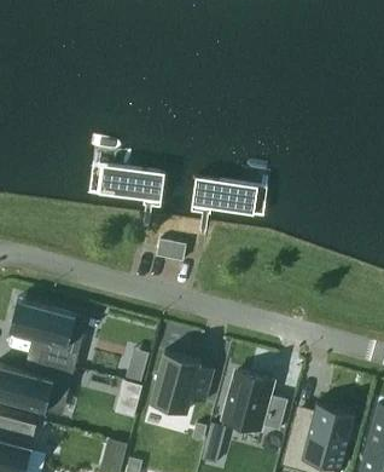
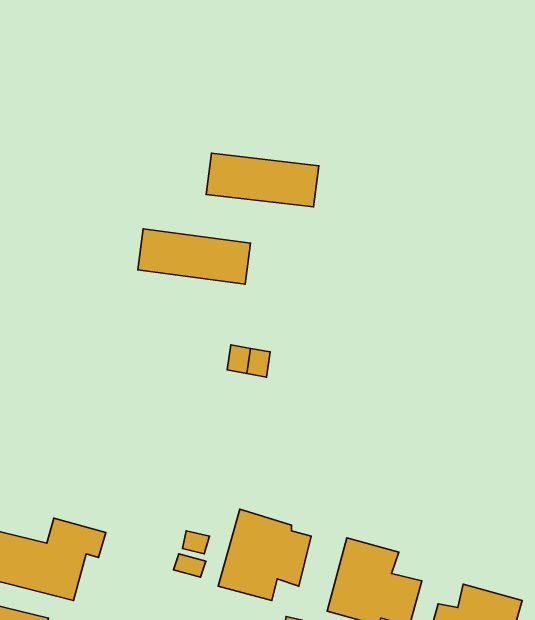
building: [188,174,264,211] -> [206,153,319,207]
building: [8,300,82,368] -> none

